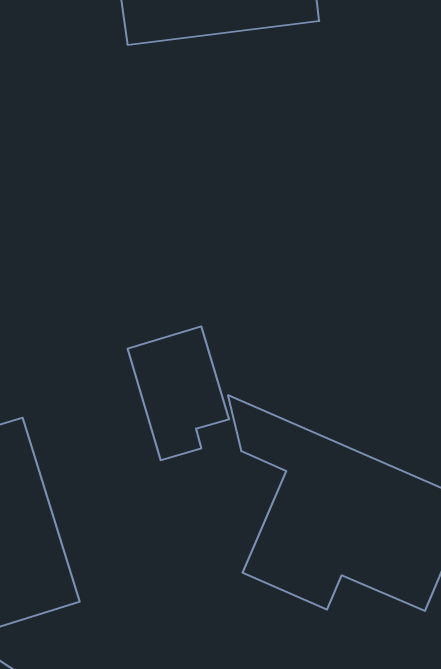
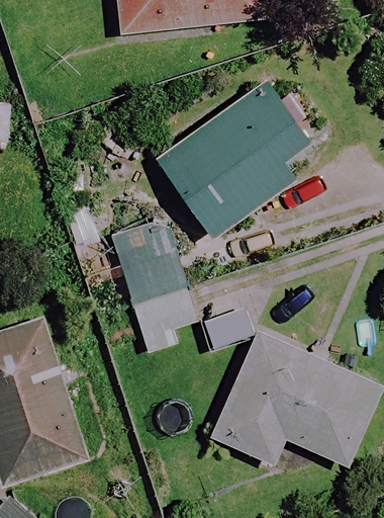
building: none -> [157,81,309,239]

